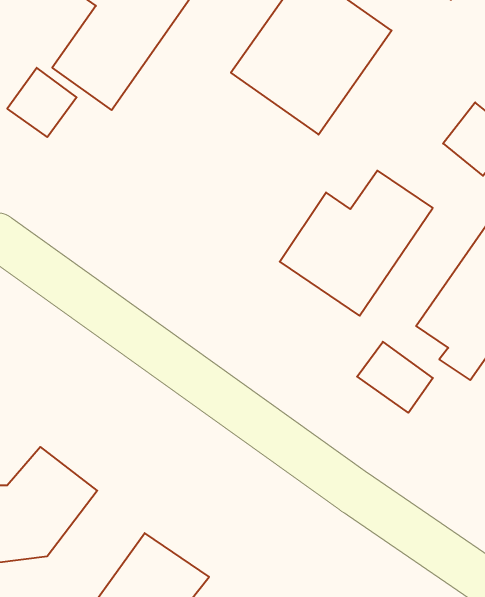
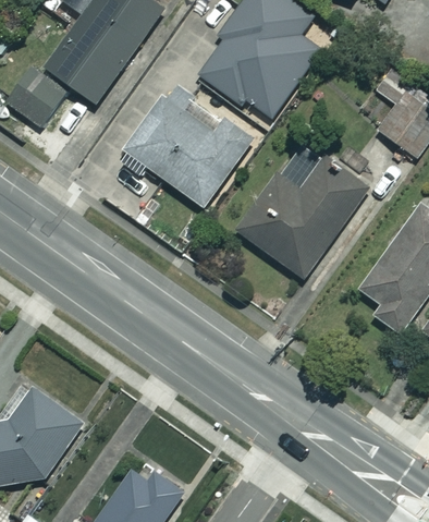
building: none -> [121,97,254,206]
building: [357,342,433,413] -> none

